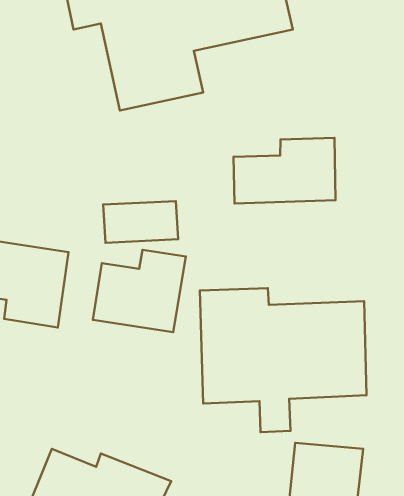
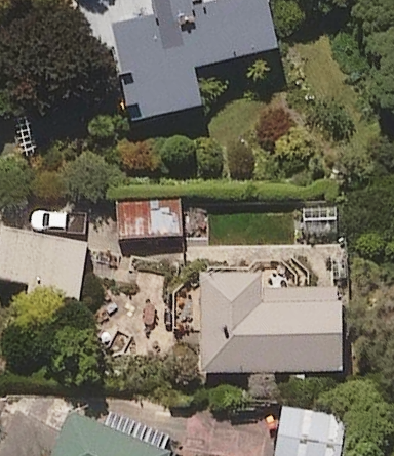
building: [233,138,336,203] -> none
building: [93,250,186,332] -> none

